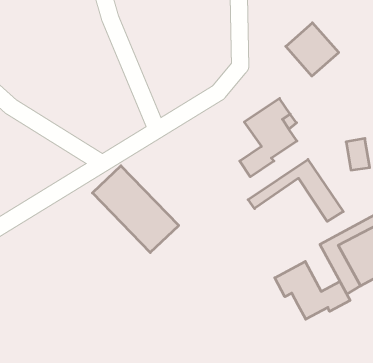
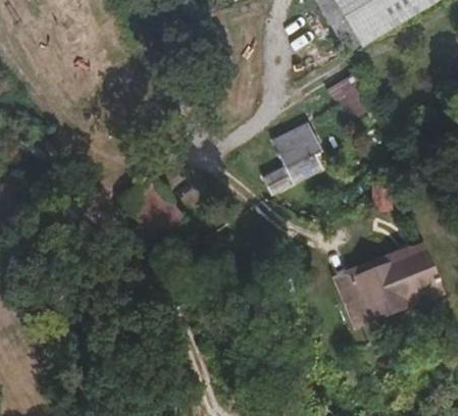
building: [248,159,343,221] -> none
building: [275,261,350,319] -> none

